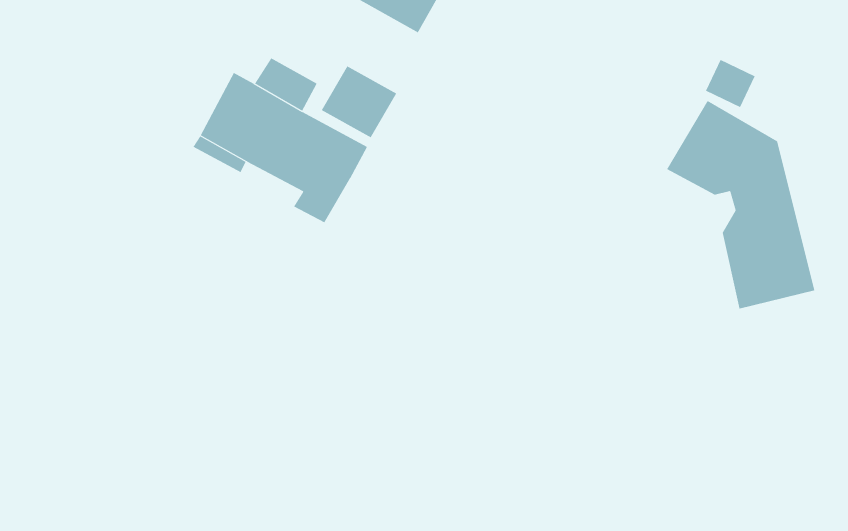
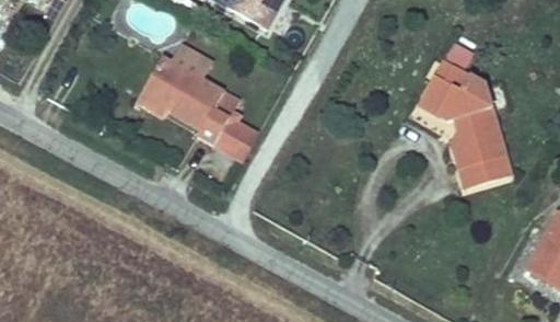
building: [321,66,397,138] -> [217,112,261,154]

